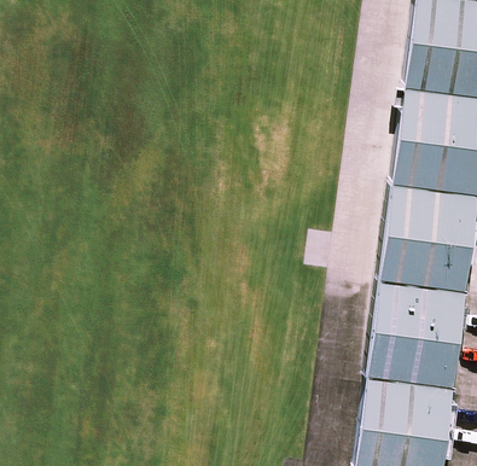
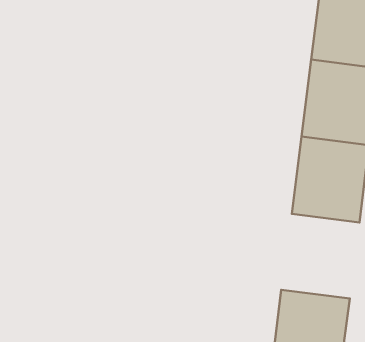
building: [366,282,464,389] -> none

